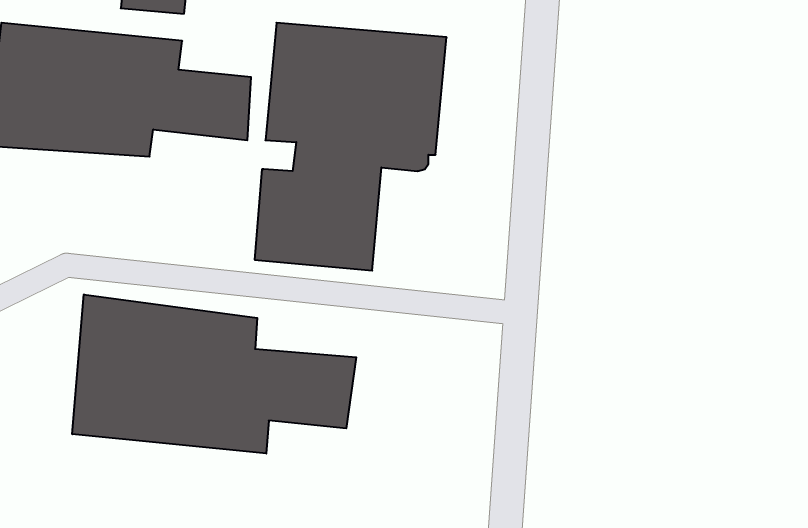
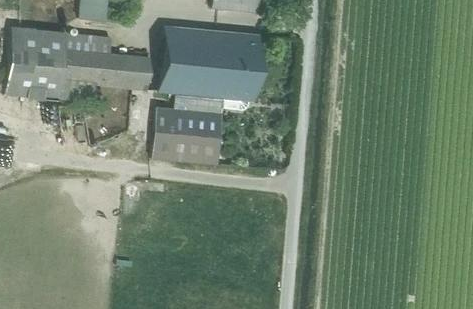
building: [72,294,356,454] -> none

